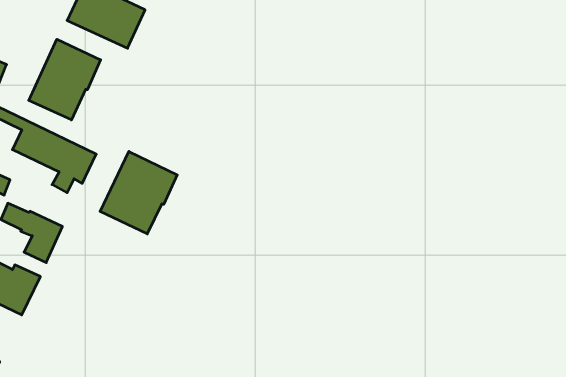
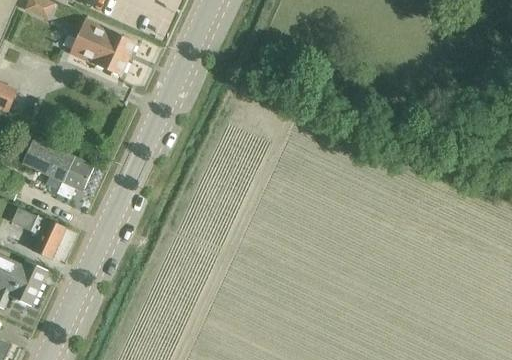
building: [29,39,101,120] -> none
building: [100,151,177,234] -> none

